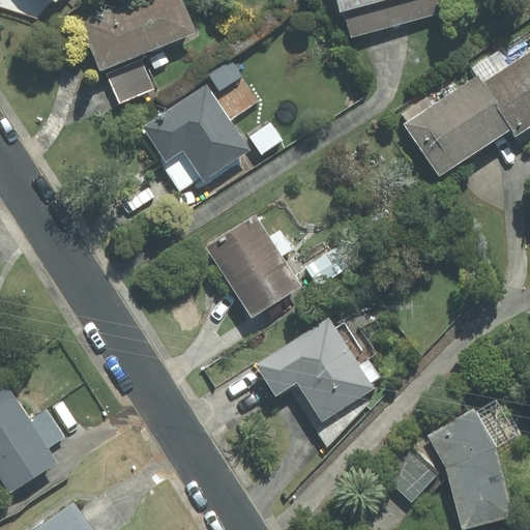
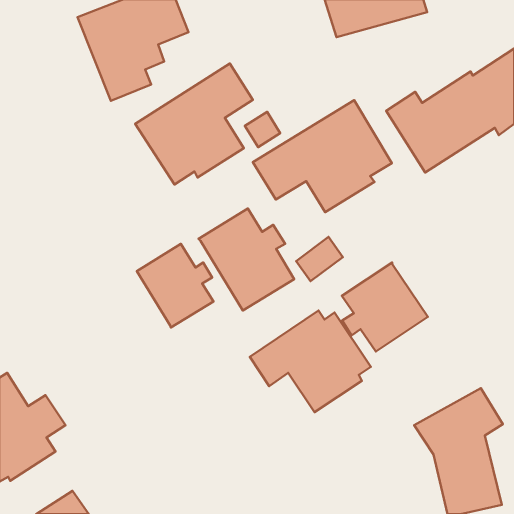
building: none -> [253,100,392,212]
building: none -> [137,244,213,328]
building: none -> [342,262,428,352]
building: [382,447,437,502] -> none

